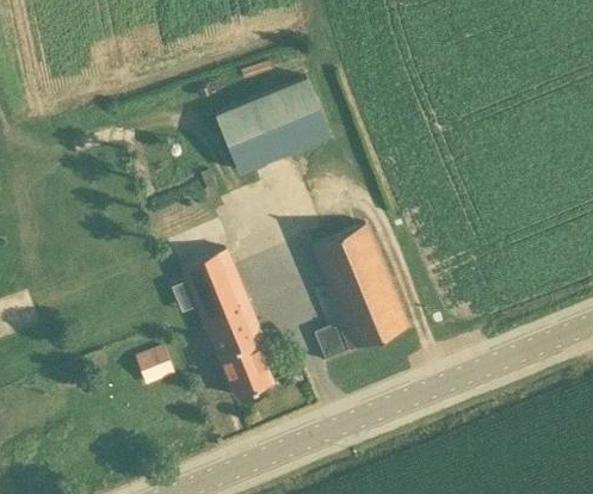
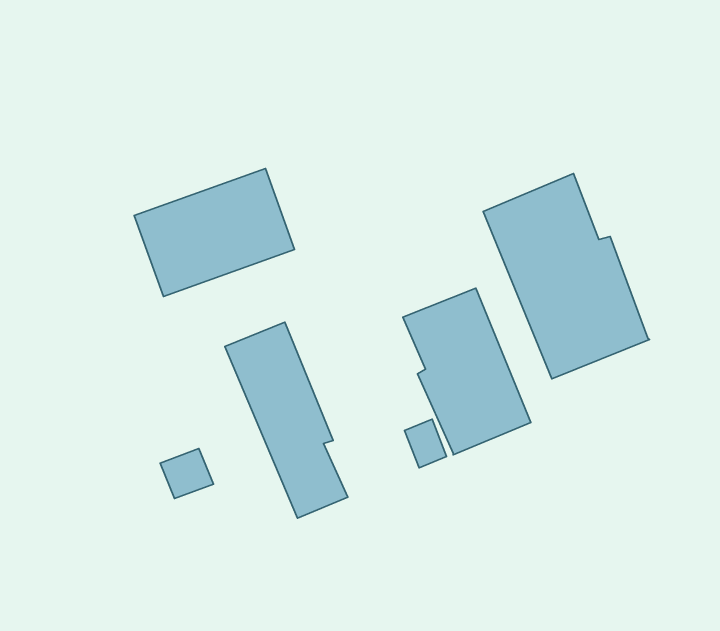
building: [218,78,336,172] -> [134,169,295,297]
building: none -> [483,173,649,379]

